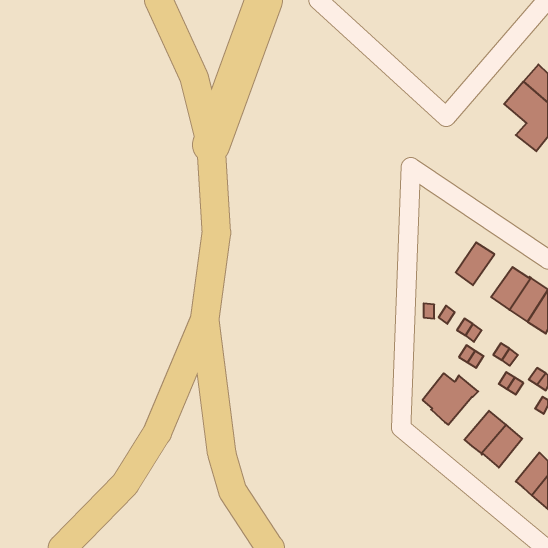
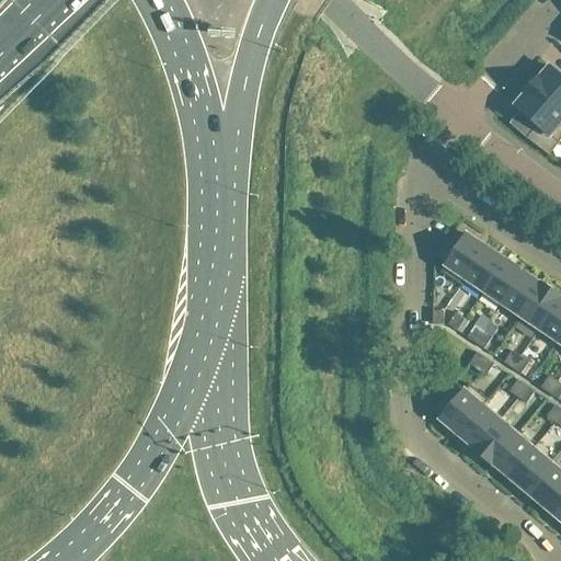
building: none -> [435,229,486,286]
building: none -> [483,260,524,304]
building: none -> [458,405,500,449]
building: none -> [510,448,551,492]

